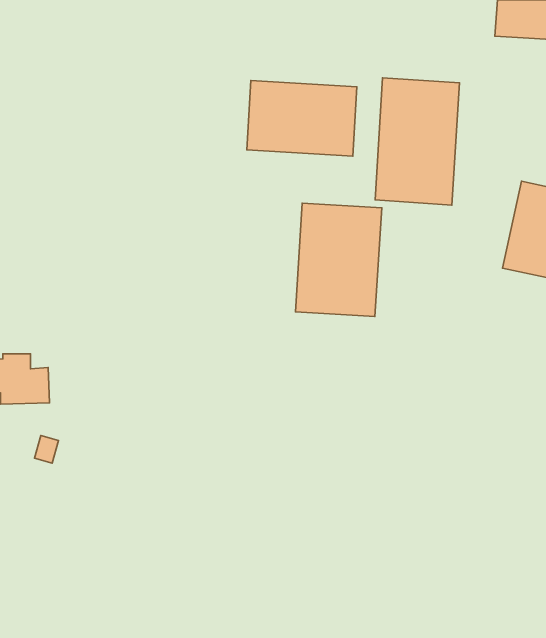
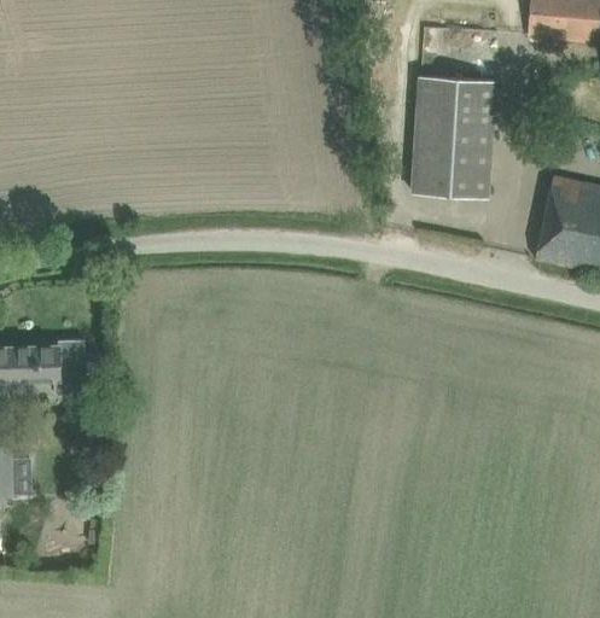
building: [247,80,357,156] -> none
building: [295,203,382,316] -> none

